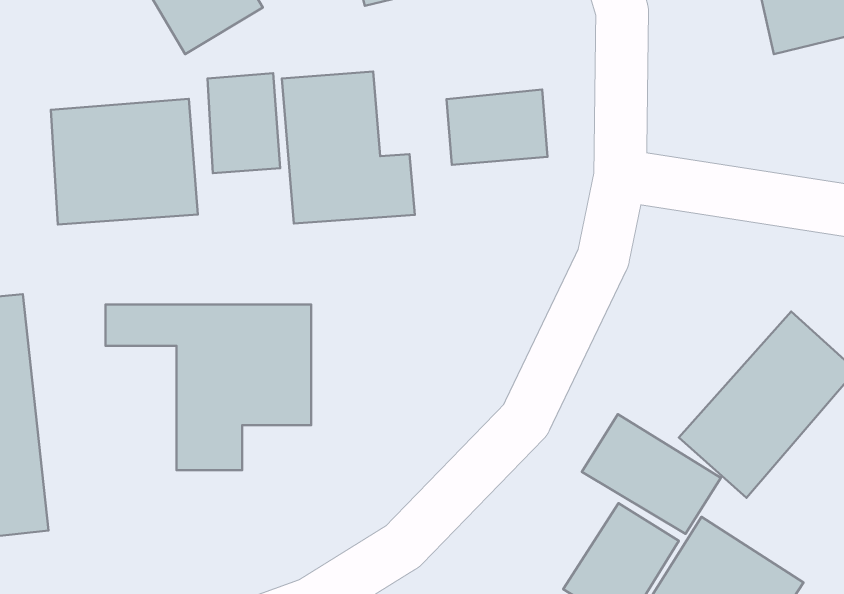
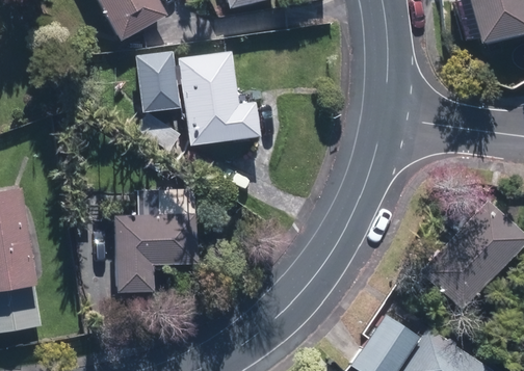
building: [447,89,547,165] -> none
building: [51,99,198,225] -> none
building: [582,414,721,534] -> none

